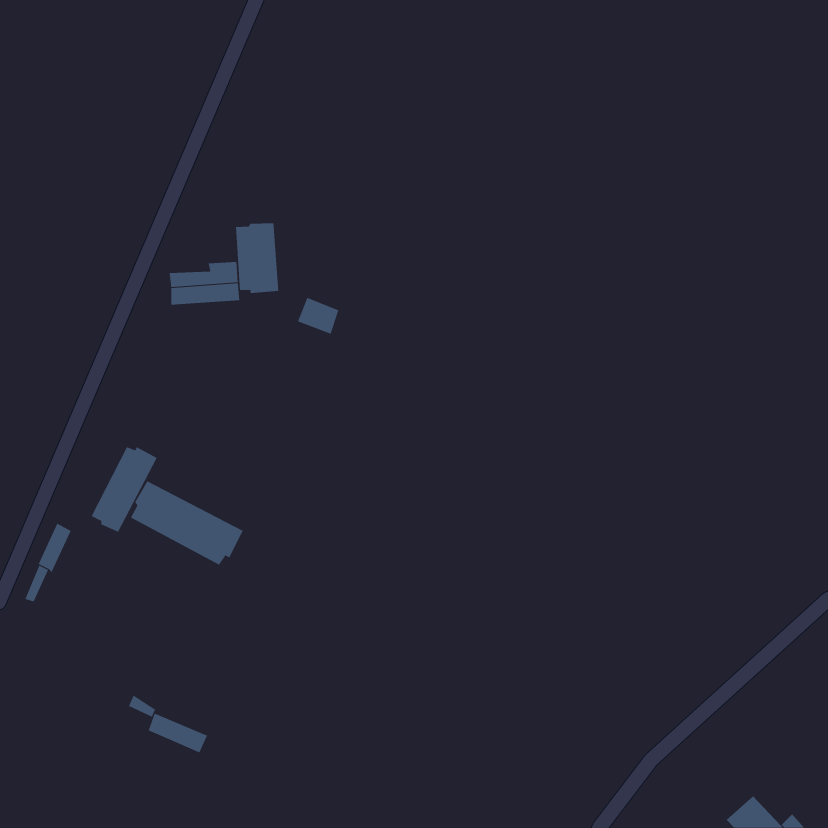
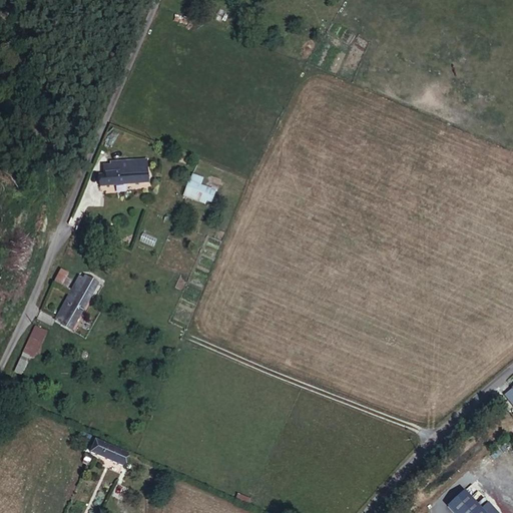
building: [236,222,279,294] -> none
building: [130,480,244,565] -> none

